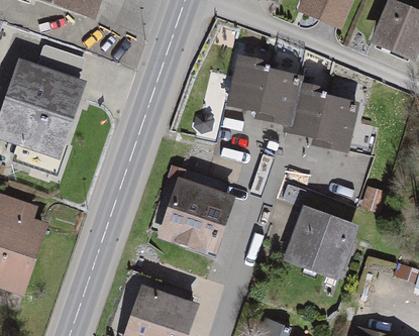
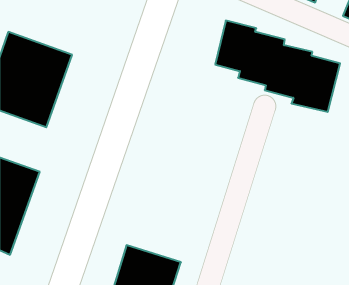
building: [159,184,236,259] -> none
building: [284,212,356,283] -> none

